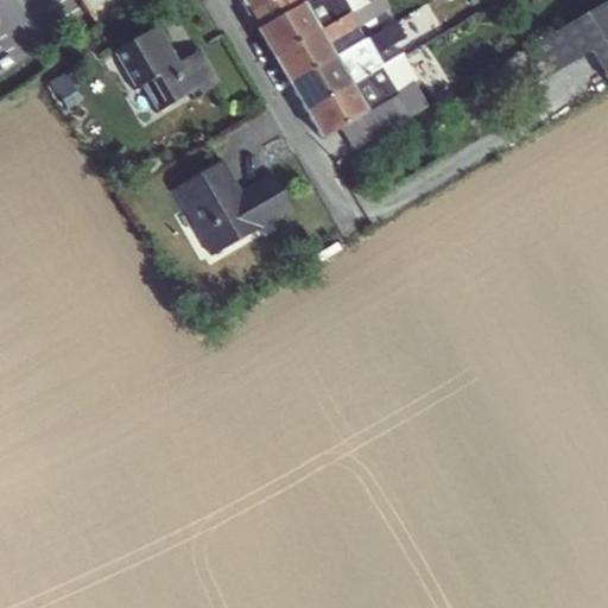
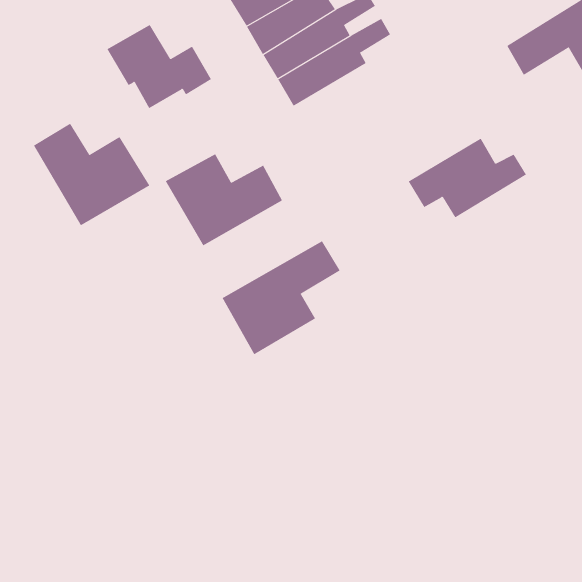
building: [308,65,431,148] -> [408,138,527,218]
building: none -> [33,123,150,226]
building: none -> [222,240,340,355]

